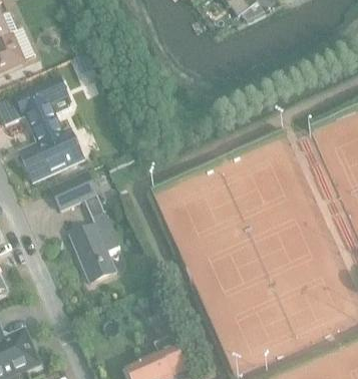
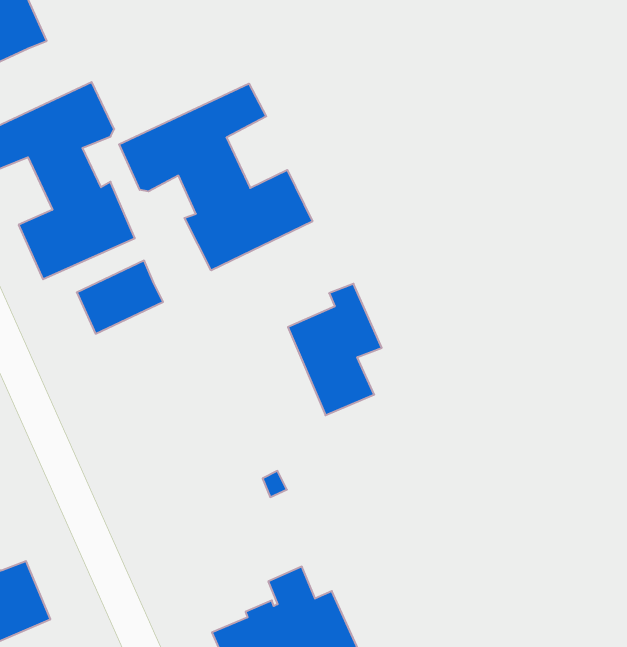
building: none -> [119,84,312,270]
building: [69,211,119,281] -> [288,284,382,415]

